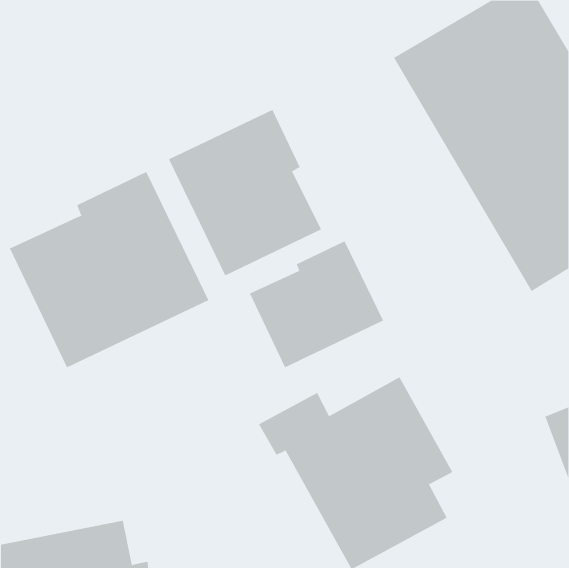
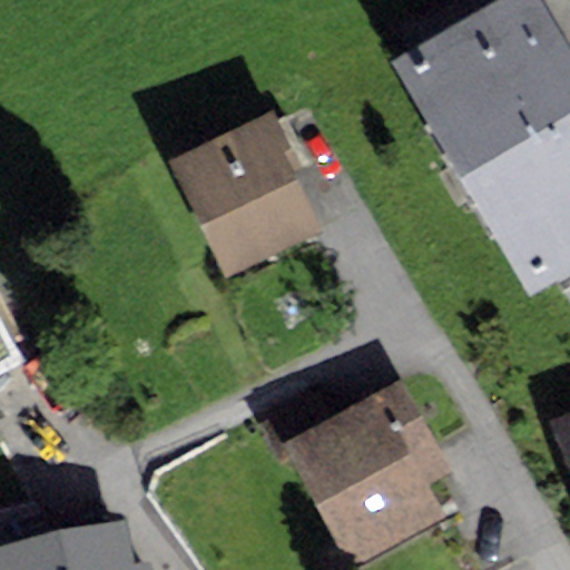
building: [9,171,209,368] -> none
building: [249,240,384,368] -> none

